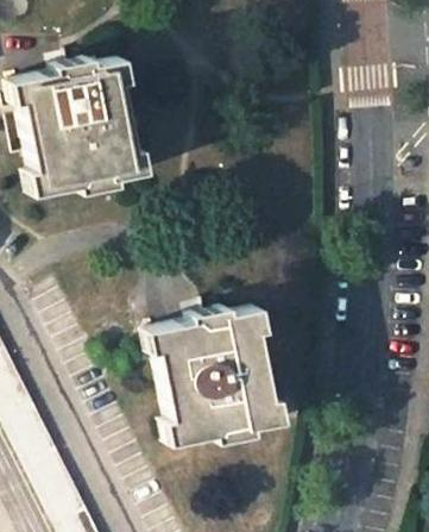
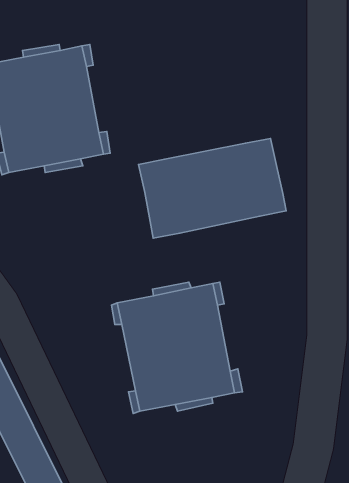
building: none -> [138,138,286,238]

